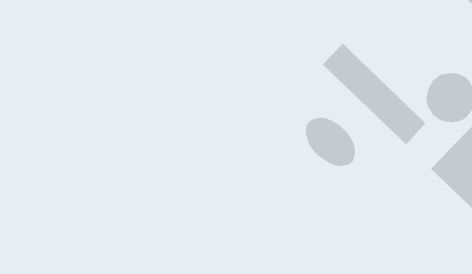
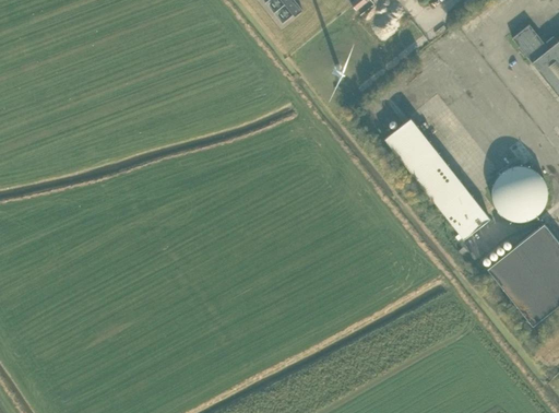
building: [305,117,356,167] -> none

